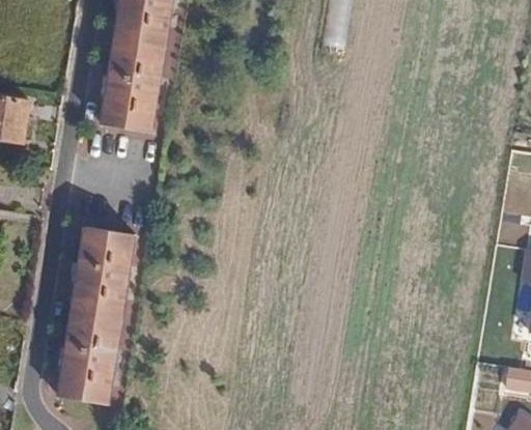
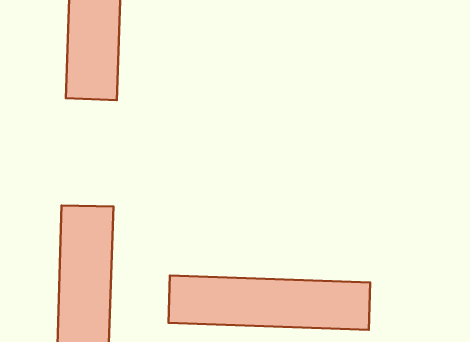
building: none -> [168,276,370,330]

